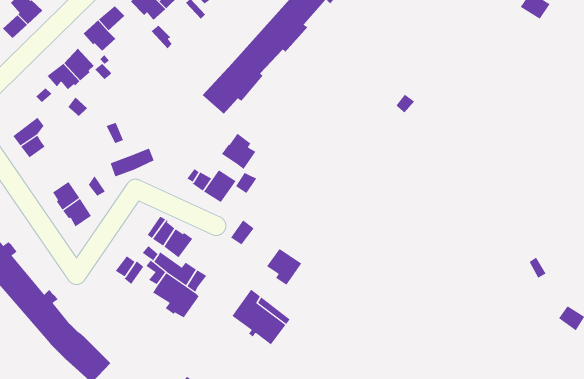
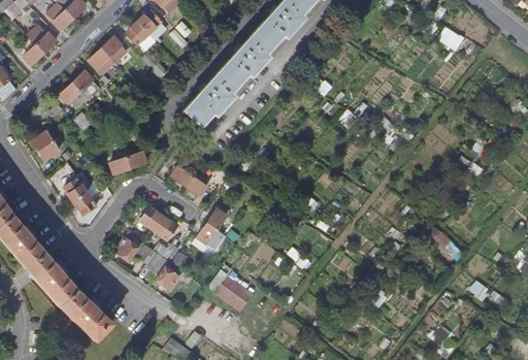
building: [221,133,256,170] -> none
building: [266,248,302,285] -> [197,224,226,254]

